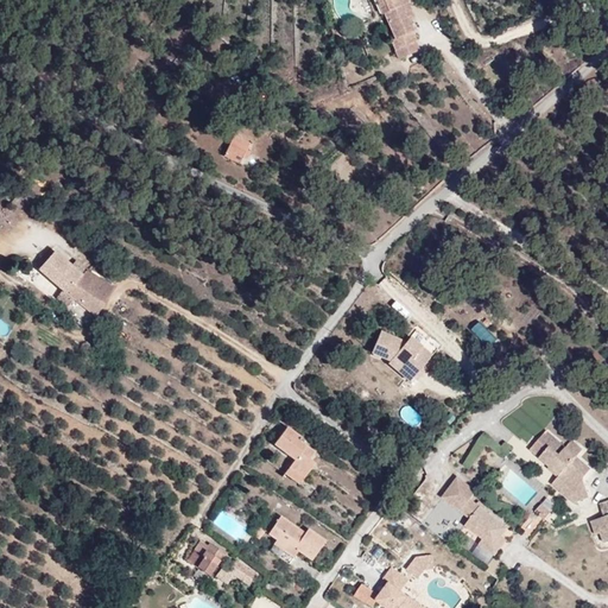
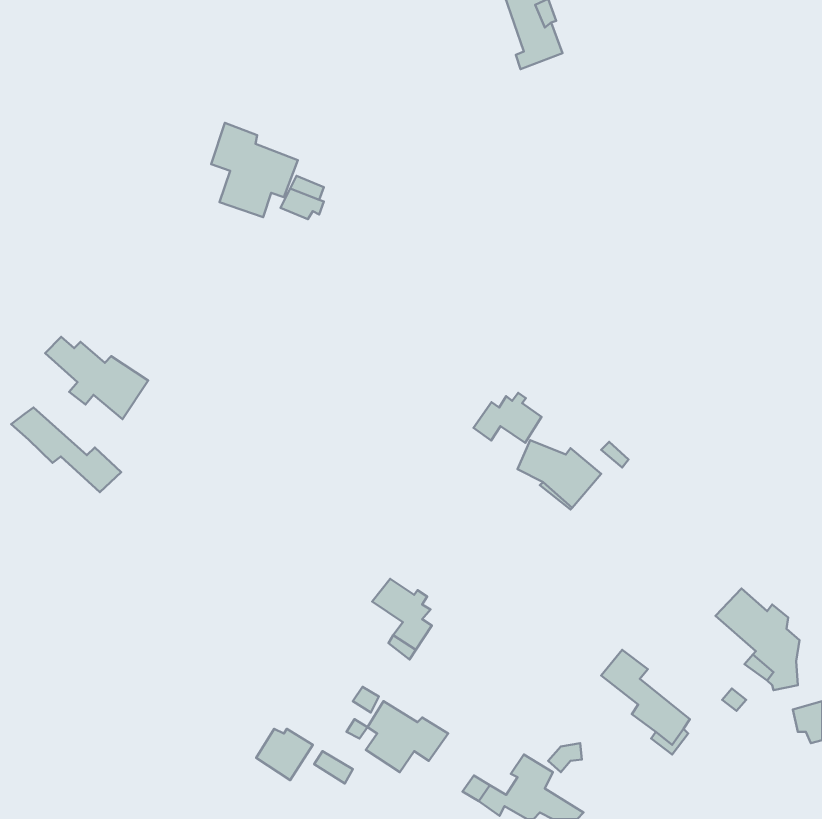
building: none -> [211,123,298,217]
building: none -> [474,393,541,443]
building: none -> [11,407,121,492]

